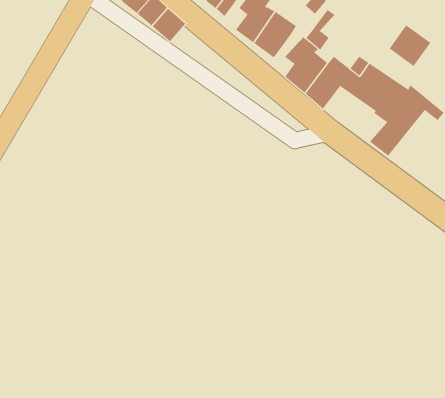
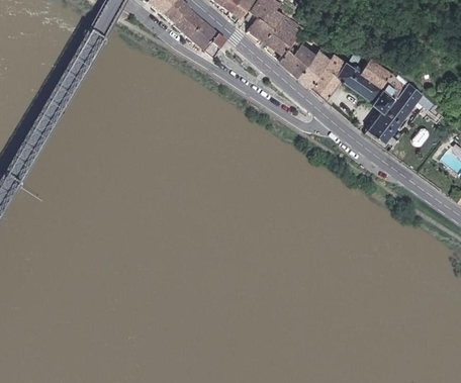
building: [306,9,335,50] -> [279,35,305,72]
building: none -> [191,25,225,61]
building: [389,24,431,67] -> none

